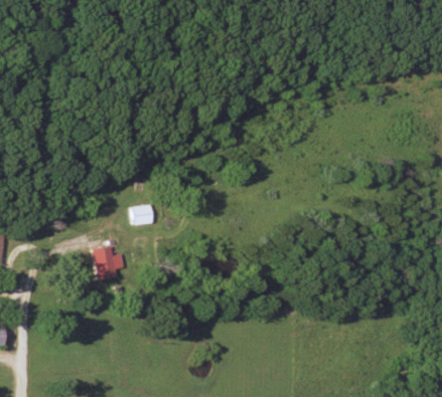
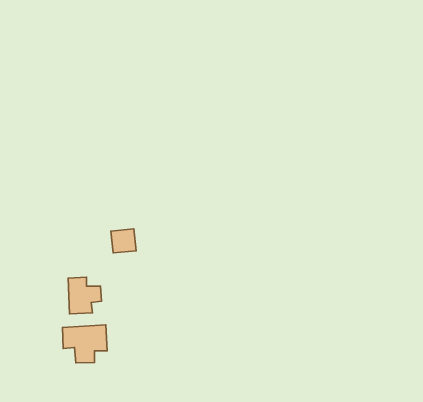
building: none -> [62,325,107,363]

